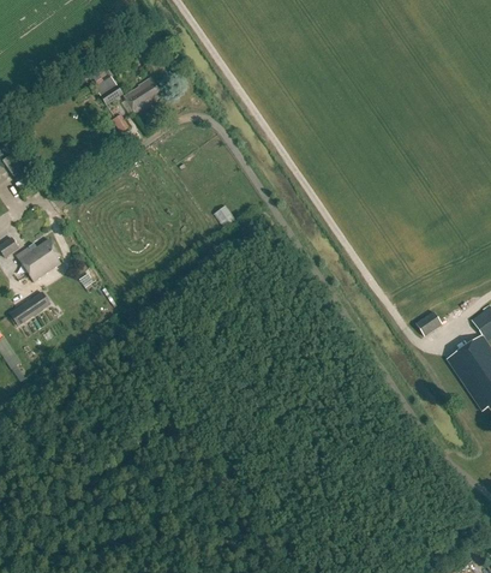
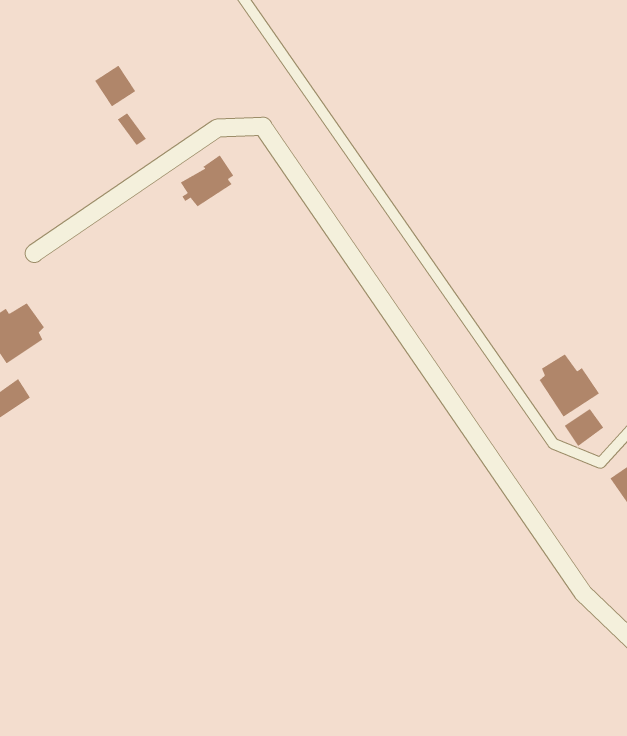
building: [124,77,161,113] -> [180,154,234,207]
building: none -> [539,354,600,417]

